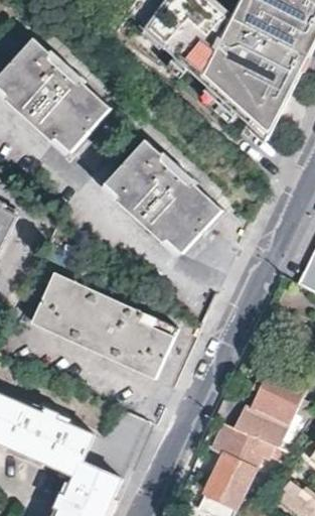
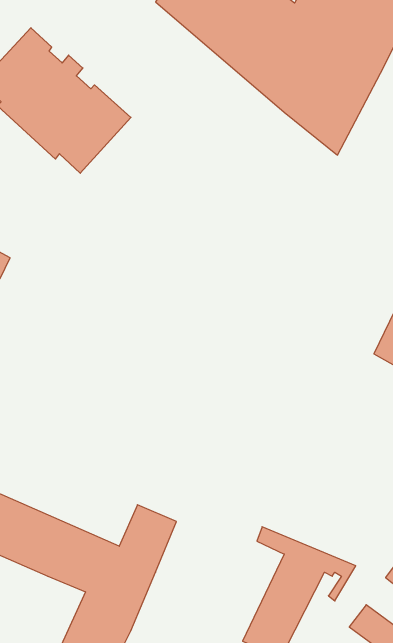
building: [106,137,221,249] -> none
building: [31,272,174,375] -> none
building: [211,366,308,453] -> none

